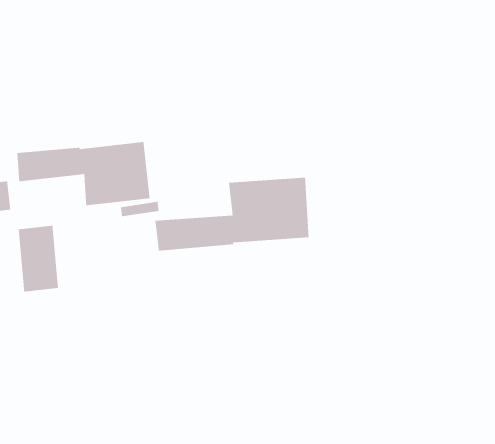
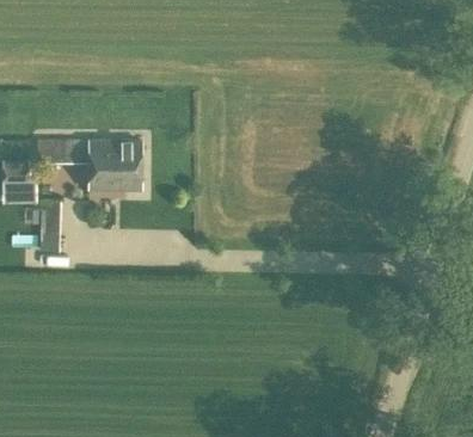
building: [154,177,310,251] -> none

